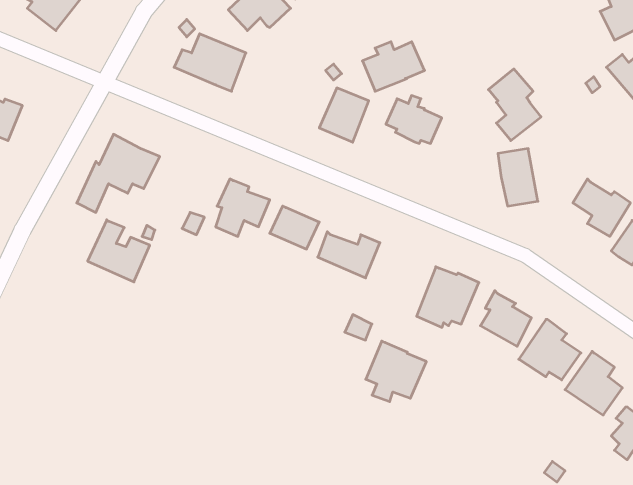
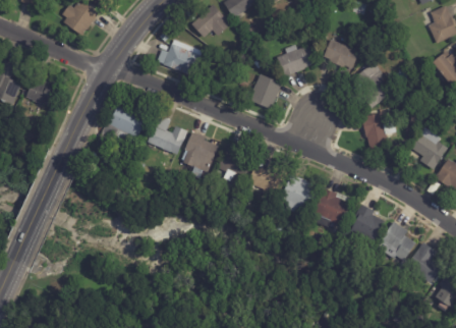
building: [386,96,442,143] -> [324,37,359,67]
building: [88,220,150,282] -> [148,114,187,154]
building: [366,341,426,402] -> [281,173,320,212]

